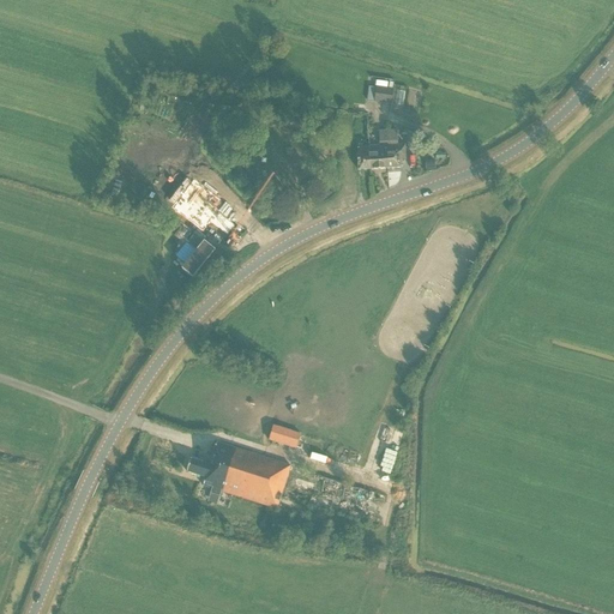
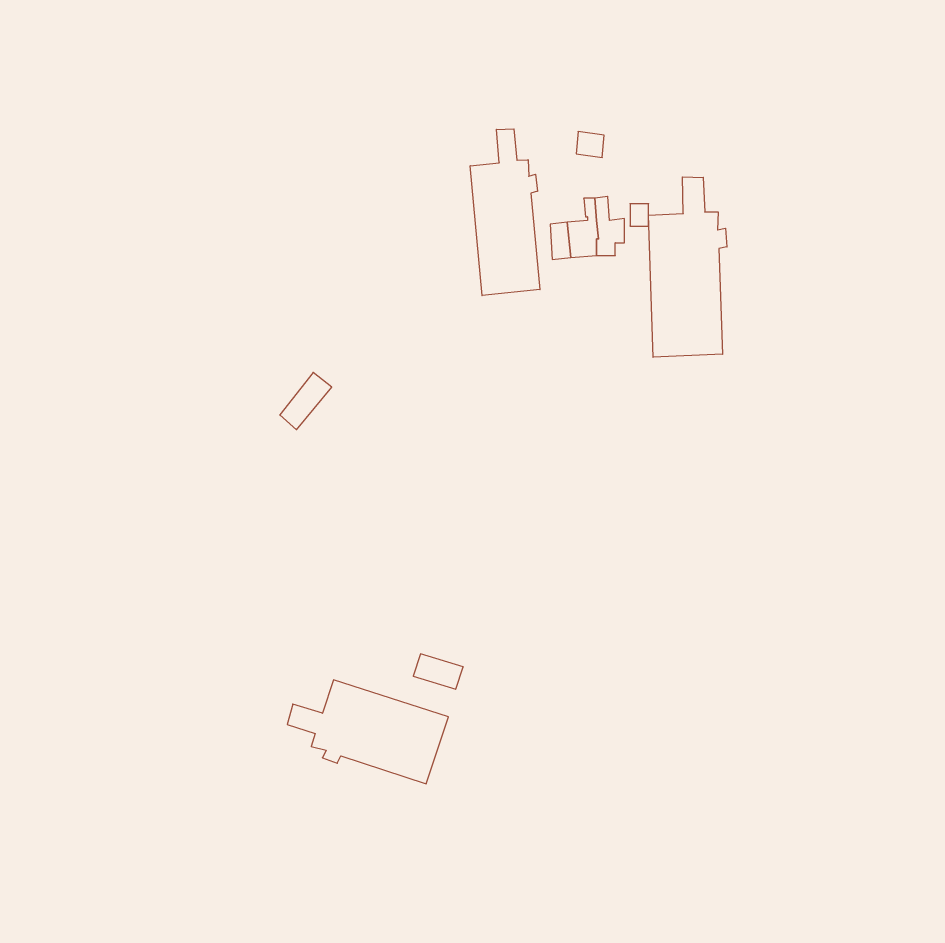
building: none -> [470,129,540,296]
building: none -> [649,177,727,357]

